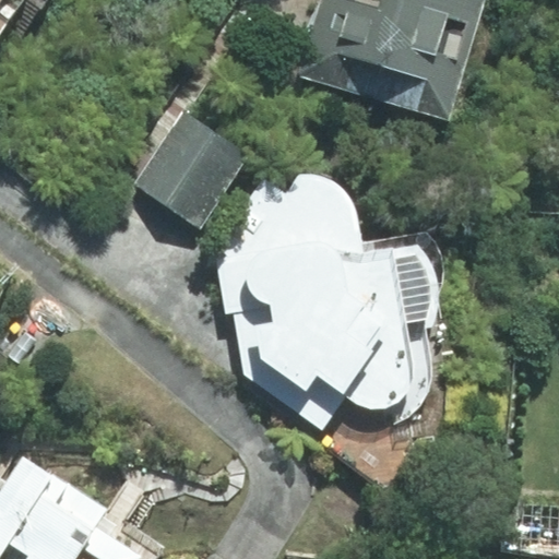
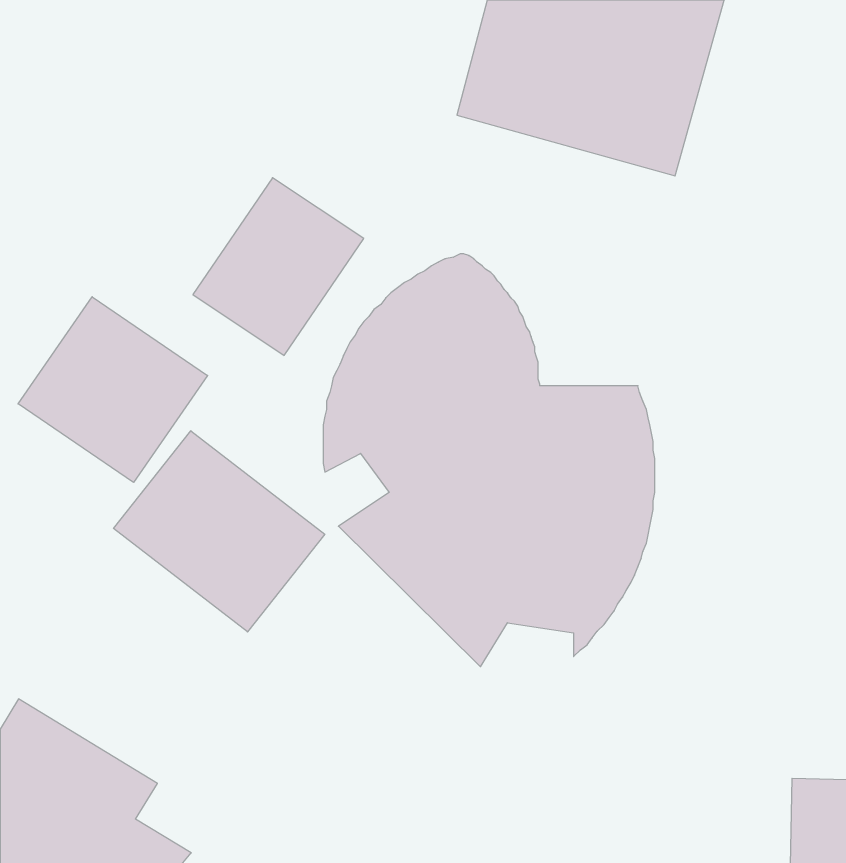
building: none -> [18,297,208,482]
building: none -> [114,431,325,632]

